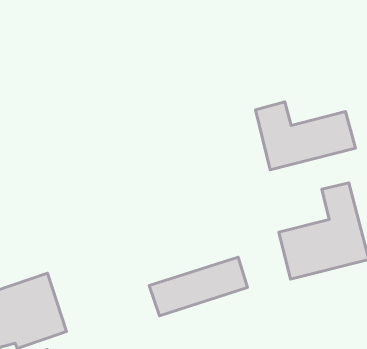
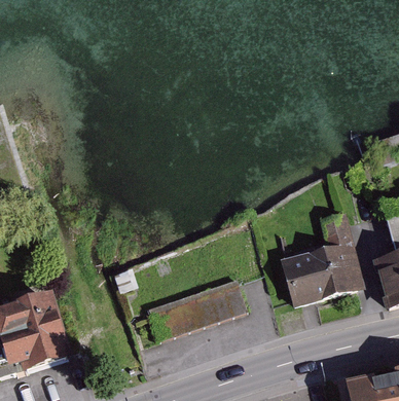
building: [255,102,355,170] -> none

